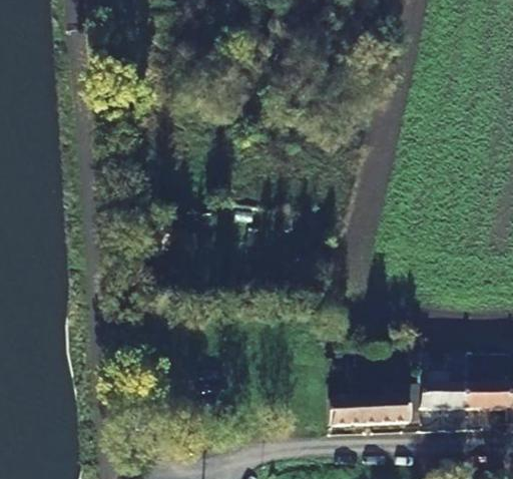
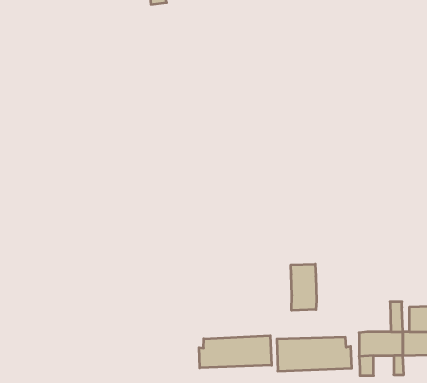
building: none -> [291,264,317,310]
building: none -> [199,336,272,368]

